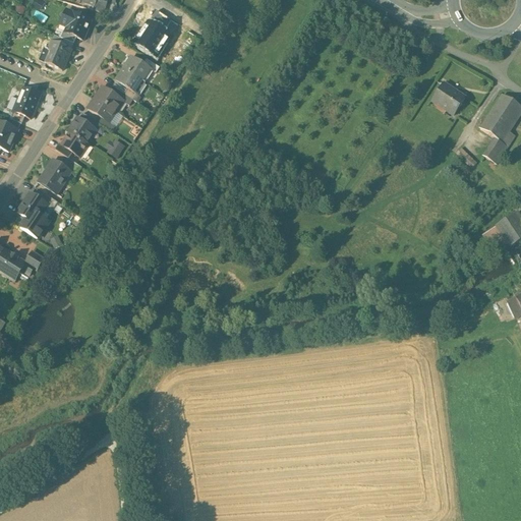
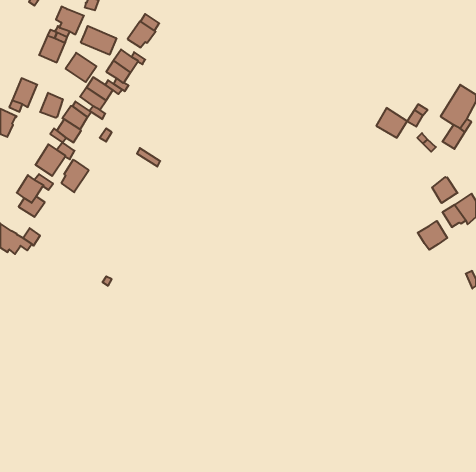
building: none -> [81,26,116,55]
building: none -> [66,53,96,82]
building: [430,80,464,113] -> [376,108,407,138]
building: none -> [40,93,63,118]
building: none -> [62,160,88,192]
building: none -> [432,177,458,203]
building: none -> [418,221,447,250]

